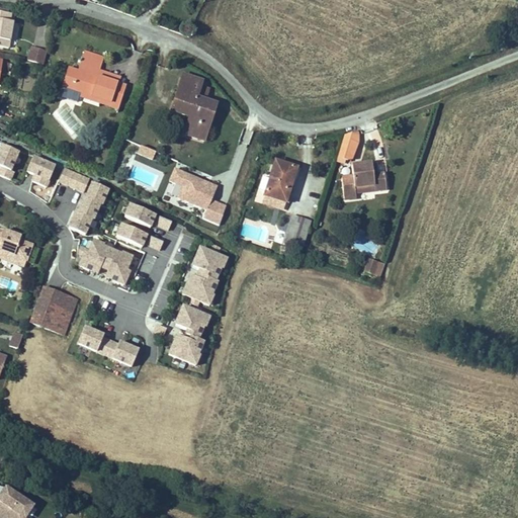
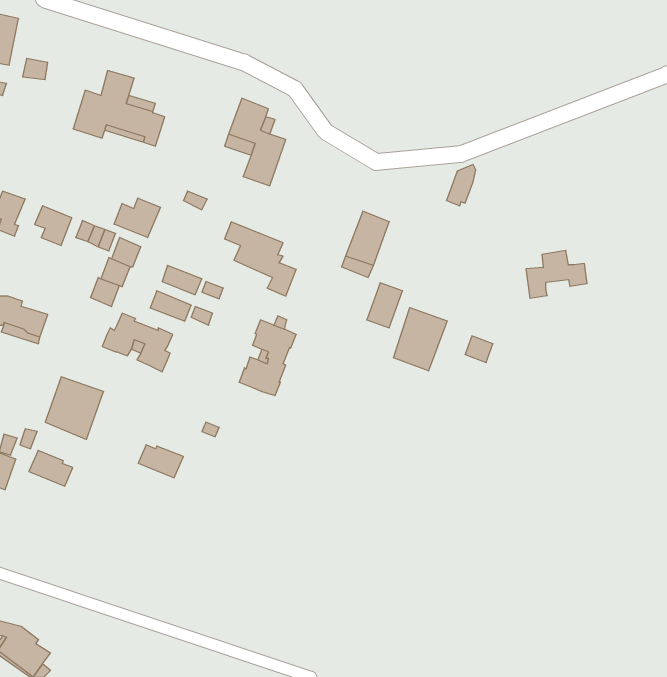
building: none -> [114,198,161,238]
building: [341,159,387,195] -> [526,250,587,298]
building: none -> [394,308,447,371]
building: [169,303,209,362] -> none
building: [78,326,111,353] -> [29,450,73,486]

